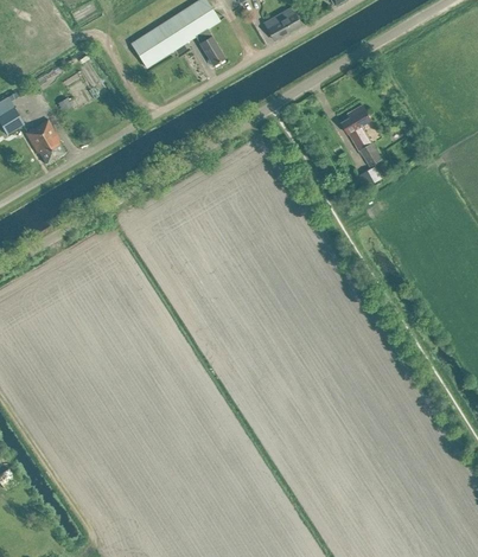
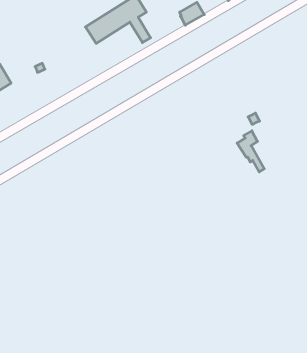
building: [342,104,381,164] -> [237,131,264,172]
building: [25,119,65,164] -> none

